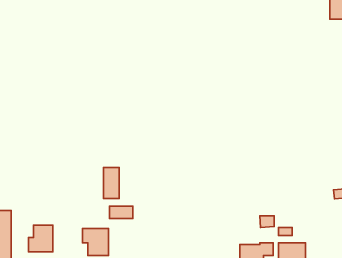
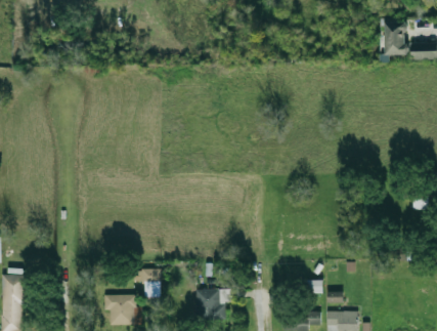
building: [103,168,119,199] -> none
building: none -> [194,289,230,320]
building: [29,225,53,252] -> none

